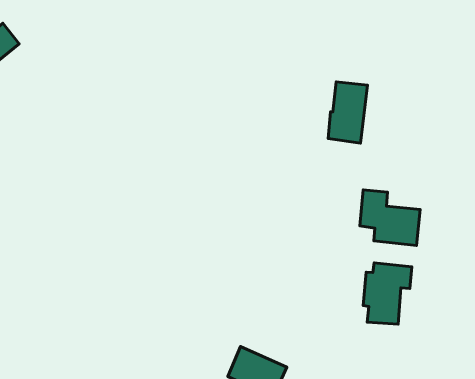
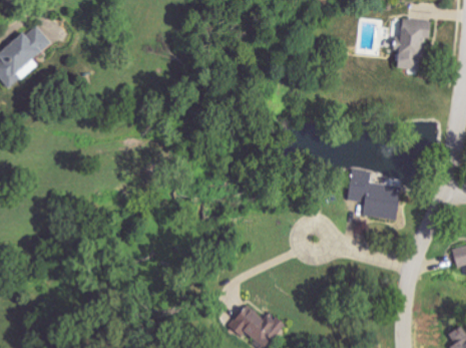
building: [328,82,368,143] -> [393,18,427,71]
building: [363,263,412,324] -> none

